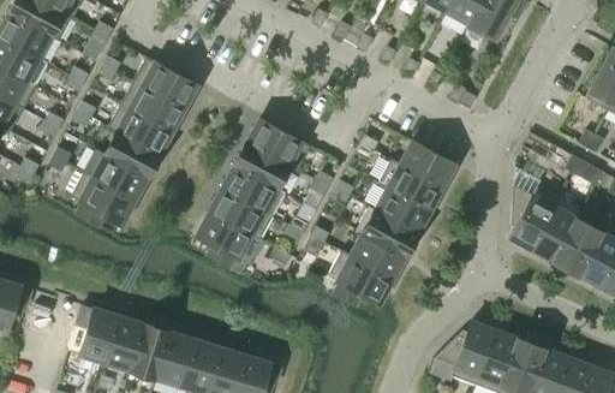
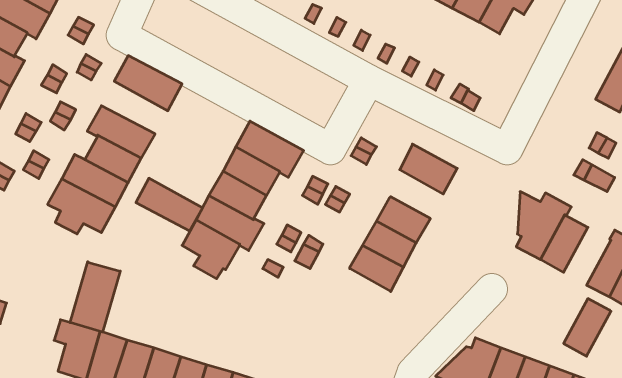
building: [120,82,183,131] -> [136,178,202,231]
building: [377,159,441,210] -> none
building: [554,219,598,273] -> [564,299,611,356]
building: none -> [70,262,120,332]
building: [330,251,392,304] -> none

